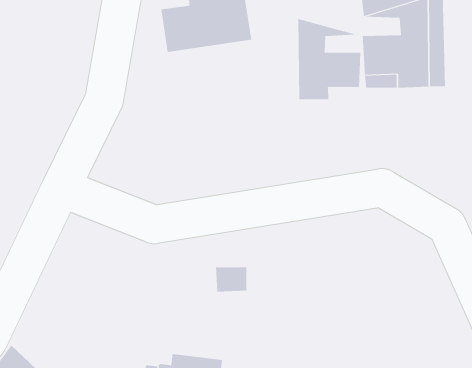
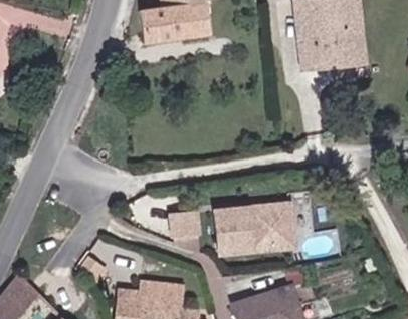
building: [298,18,361,100] -> none
building: none -> [224,207,300,253]

